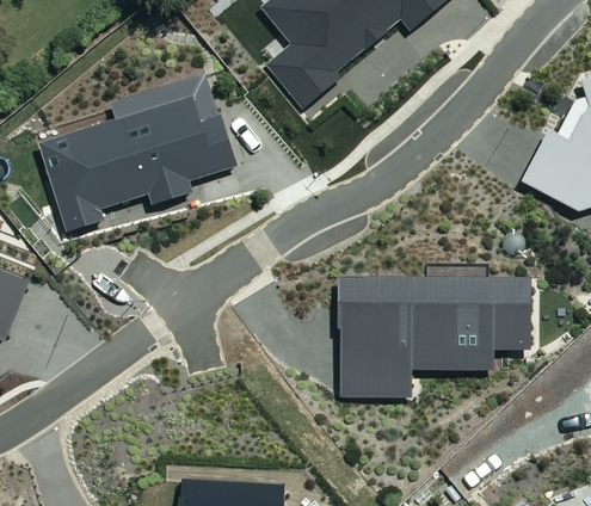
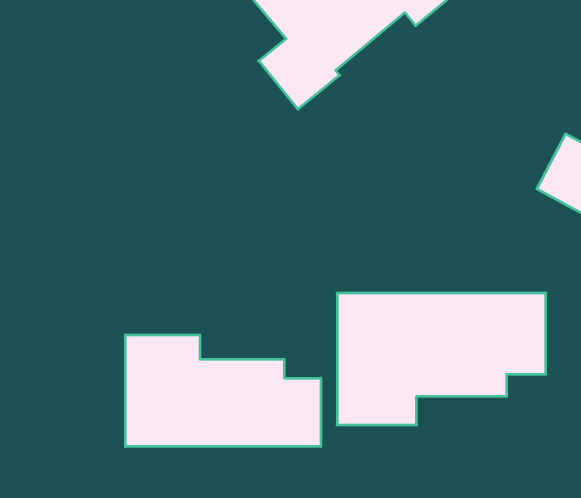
building: [37,73,235,232] -> none
building: none -> [125,335,321,447]

